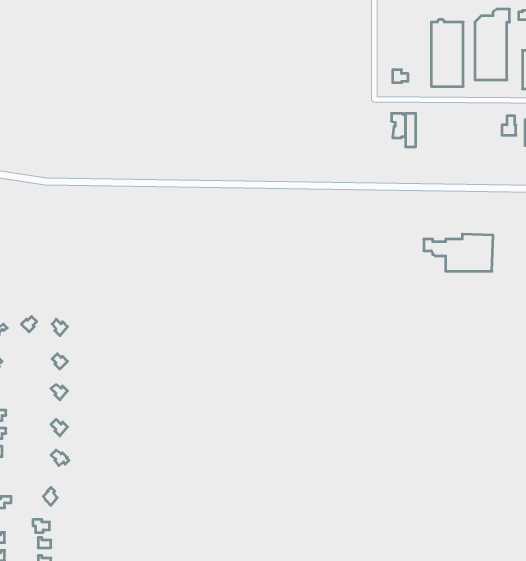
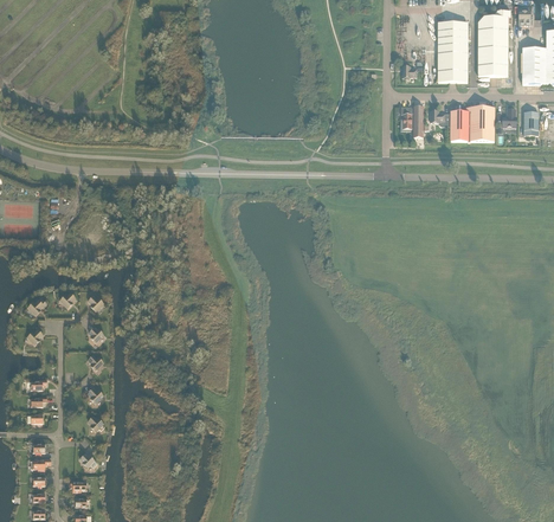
building: [424,234,493,271] -> [431,105,495,140]

